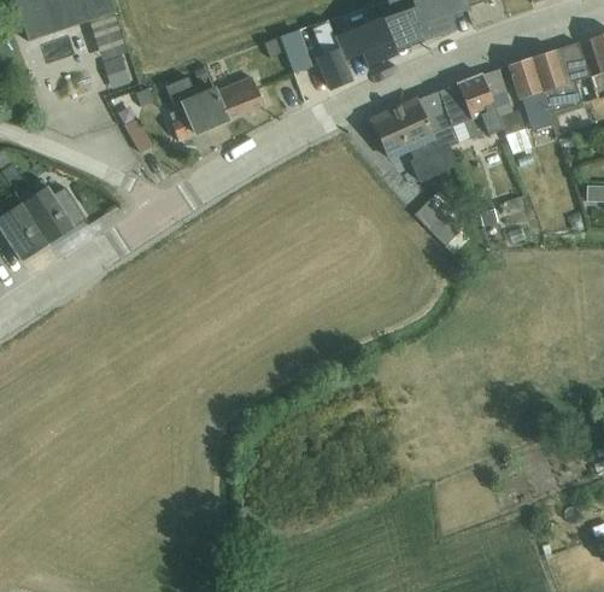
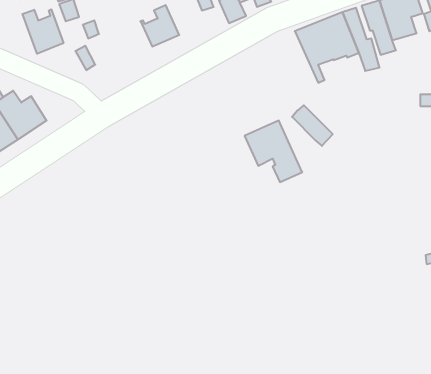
building: none -> [22,9,63,54]
building: [166,76,228,140] -> none
building: [373,99,450,181] -> [245,121,302,182]

